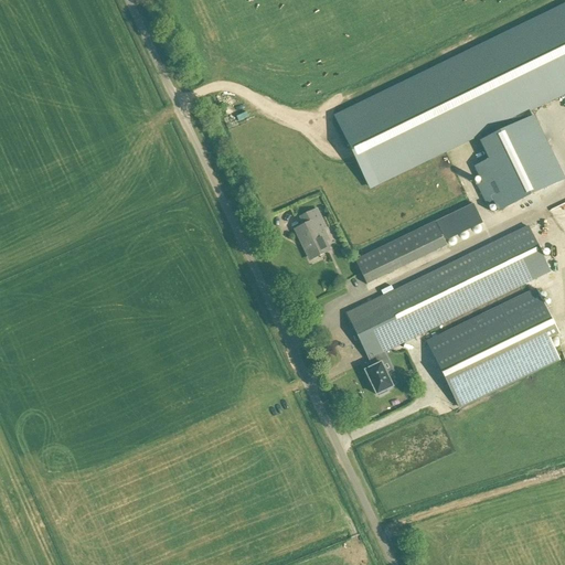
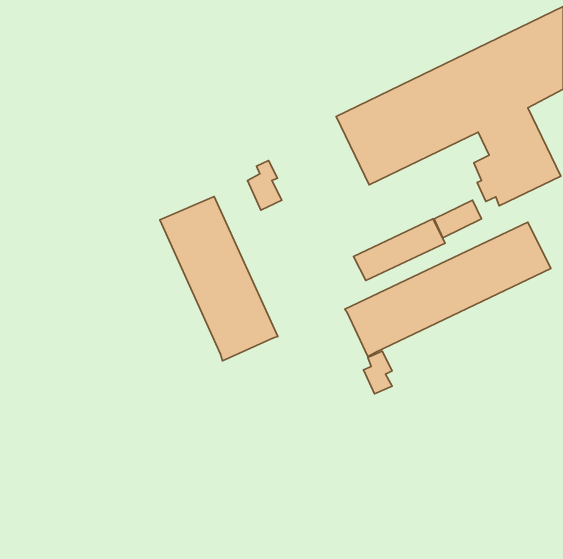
building: none -> [160,196,278,361]
building: [296,207,330,257] -> [248,161,282,210]
building: [425,286,558,407] -> none

